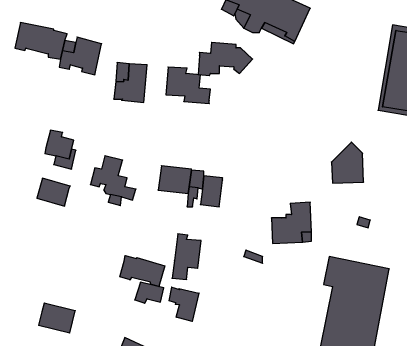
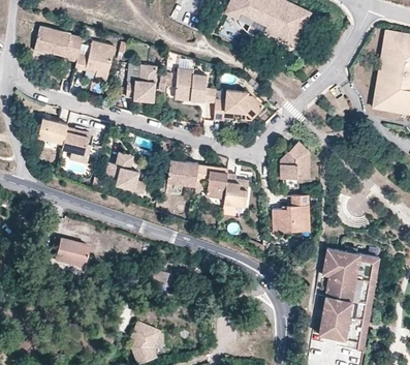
building: [198,42,253,76] -> [215,91,265,122]
building: [331,142,364,183] -> [281,142,311,180]
building: [37,178,70,206] -> [38,119,69,145]
building: [172,234,201,279] -> [223,175,250,217]
building: [120,256,165,287] -> none
building: [169,287,199,321] -> none
building: [39,303,75,333] -> [54,237,88,265]

